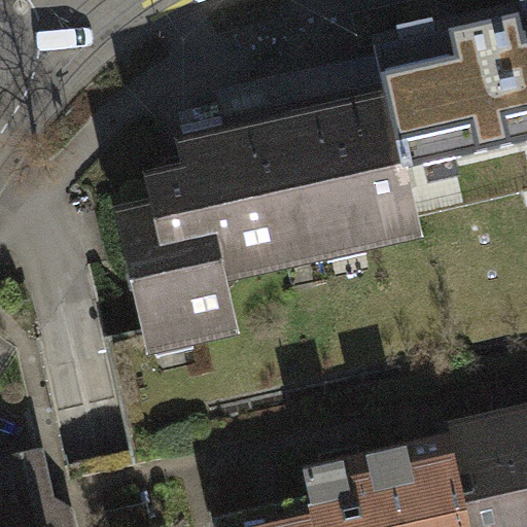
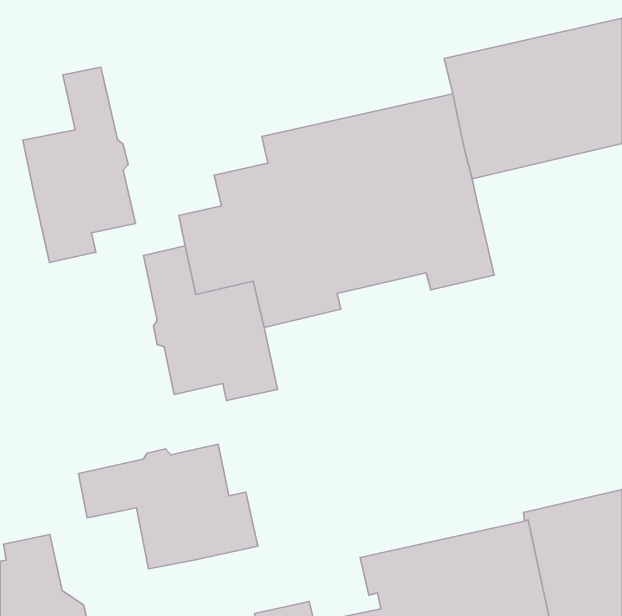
building: none -> [23,67,136,263]
building: none -> [79,444,258,569]

